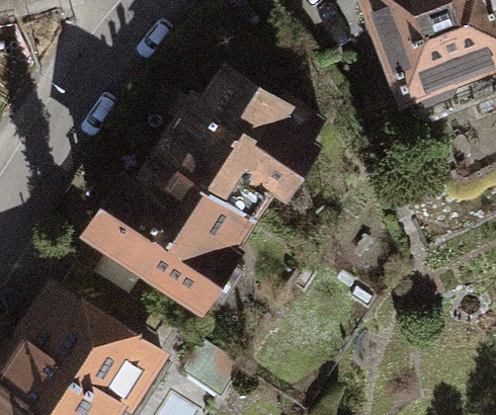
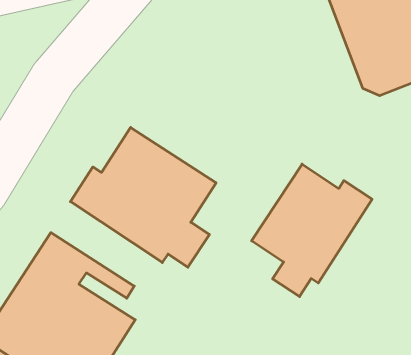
building: [153,66,316,206] -> none
building: none -> [252,164,372,297]

